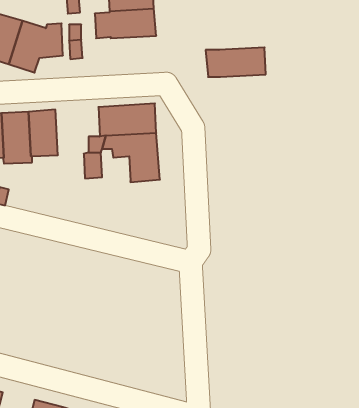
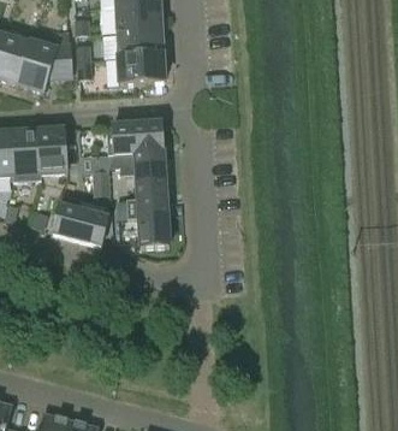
building: [206,47,266,77] -> [105,55,164,84]
building: none -> [53,194,107,244]
building: none -> [126,196,168,247]

